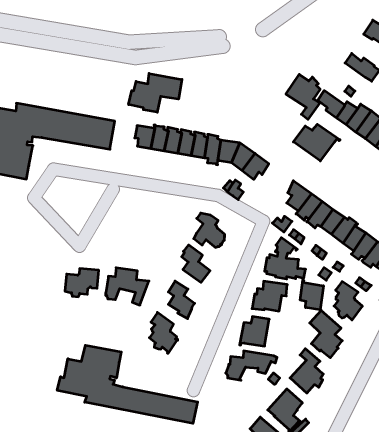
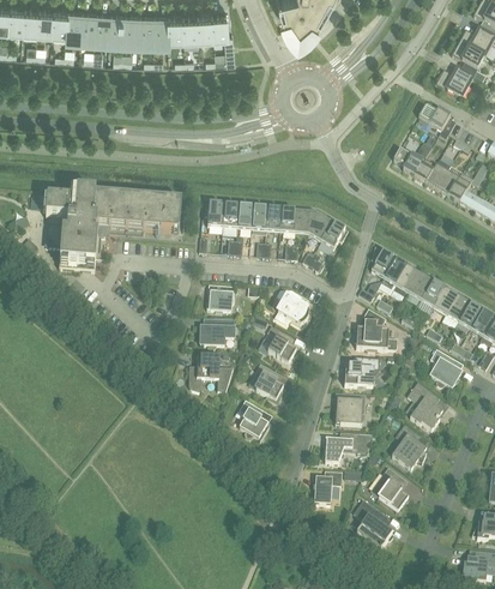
building: [129,73,182,112] -> none
building: [286,74,320,119] -> none
building: [293,124,340,161] -> none
building: none -> [207,286,236,312]
building: [65,269,99,297] -> [201,319,235,349]
building: [300,280,323,310] -> none
building: [57,345,198,423] -> none
building: none -> [315,470,343,505]

